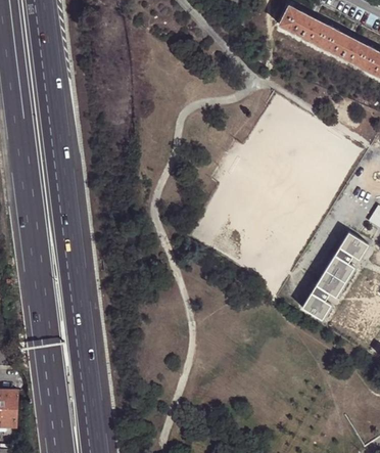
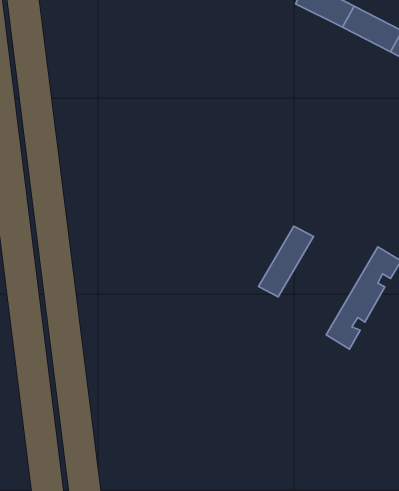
building: none -> [259,226,314,297]

